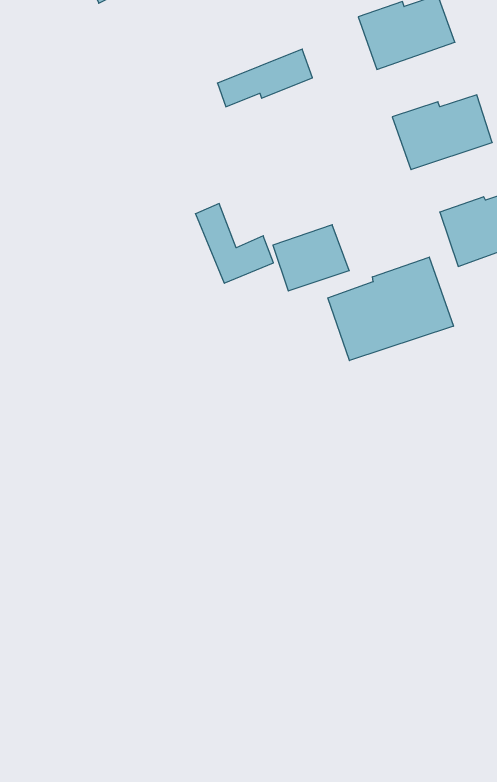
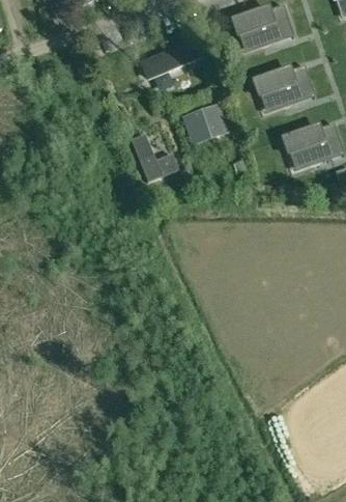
building: [273,225,349,291] -> [184,101,231,141]
building: [328,257,453,361] -> none

